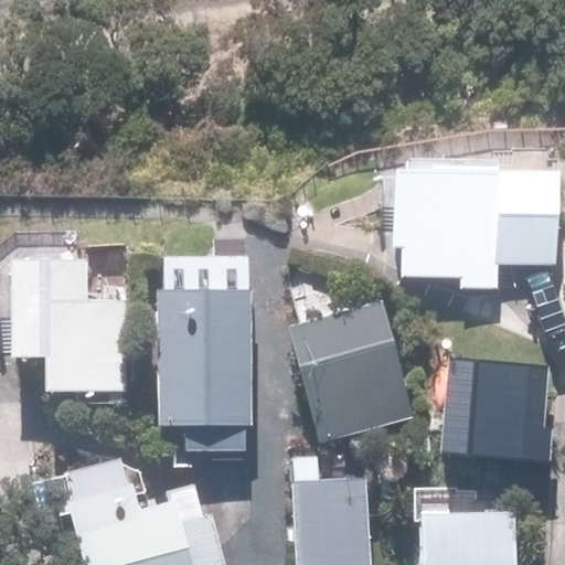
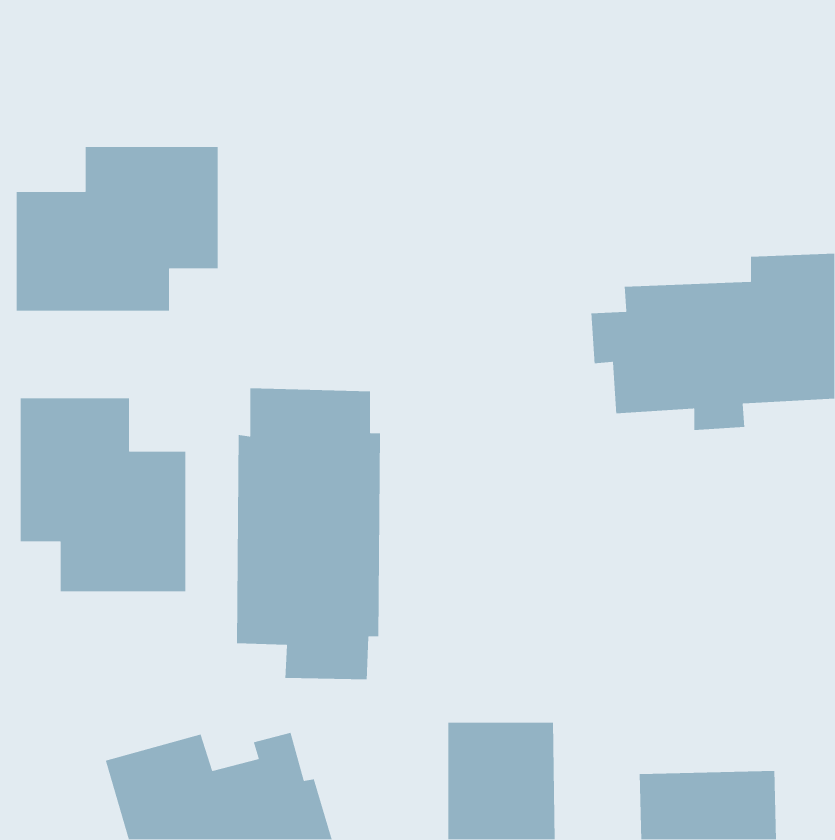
building: none -> [16,146,218,312]
building: [290,303,407,441] -> none
building: [433,352,542,458] -> none

